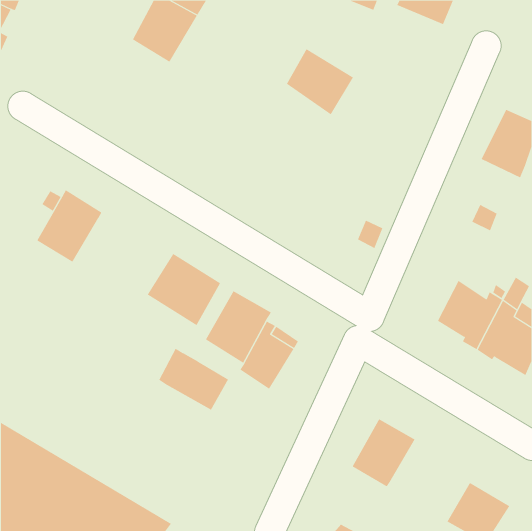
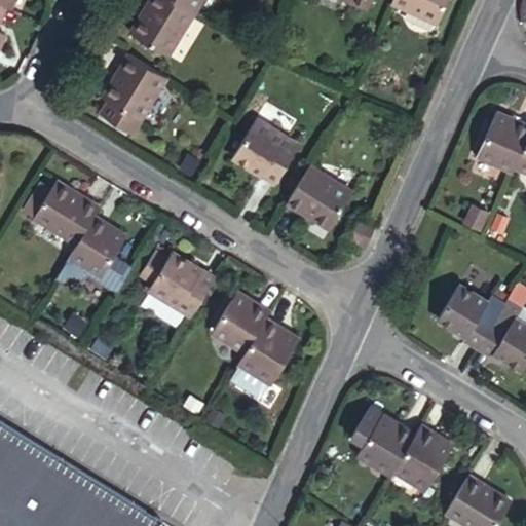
building: [286,48,354,115] -> [232,119,299,185]
building: none -> [101,58,164,126]
building: none -> [289,161,359,229]
building: none -> [69,217,129,285]
building: [158,348,229,411] -> none
building: none -> [385,426,446,494]

